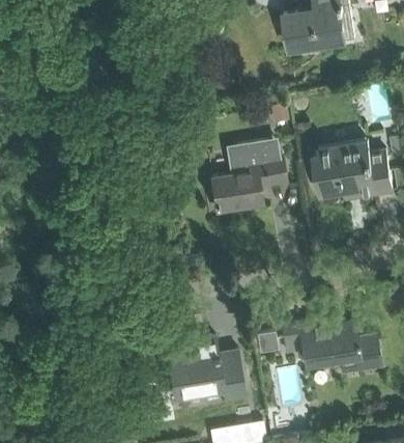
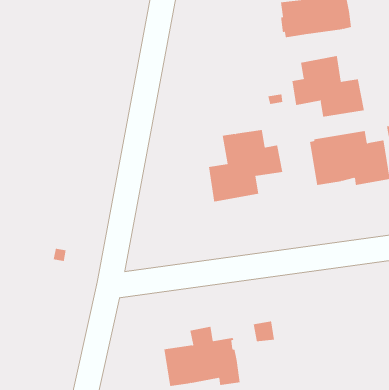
building: none -> [292,55,365,117]
building: [281,320,380,373] -> none

